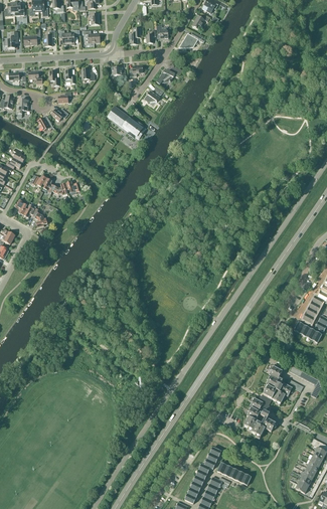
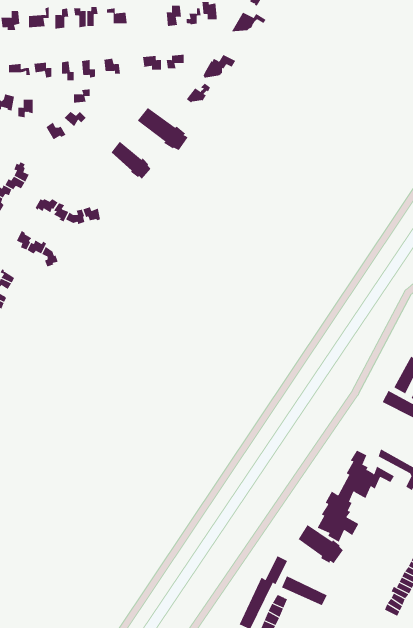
building: none -> [111,141,151,179]
building: none -> [298,524,343,564]

